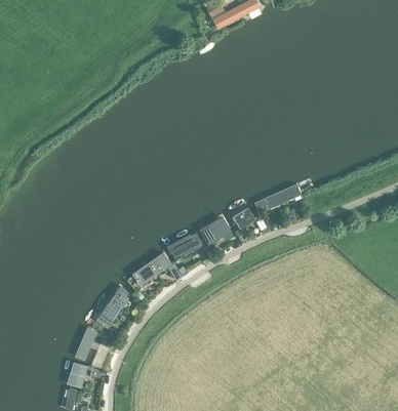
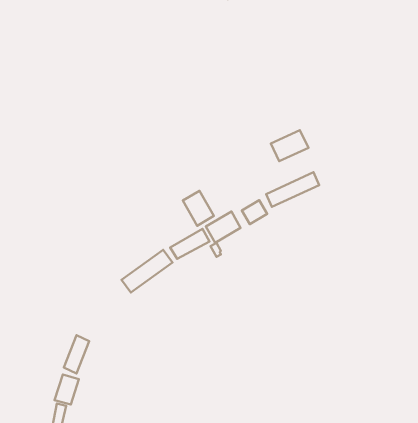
building: none -> [271,130,308,161]
building: none -> [183,191,214,226]
building: [95,284,133,328] -> none

